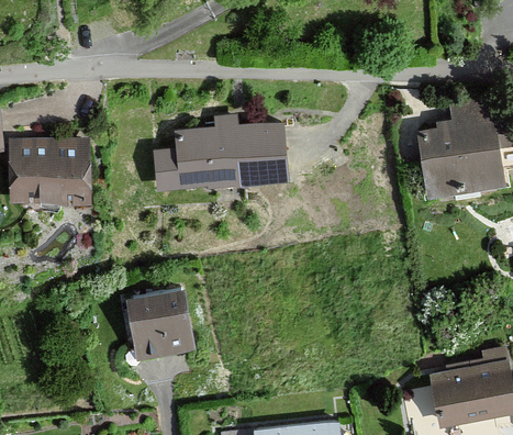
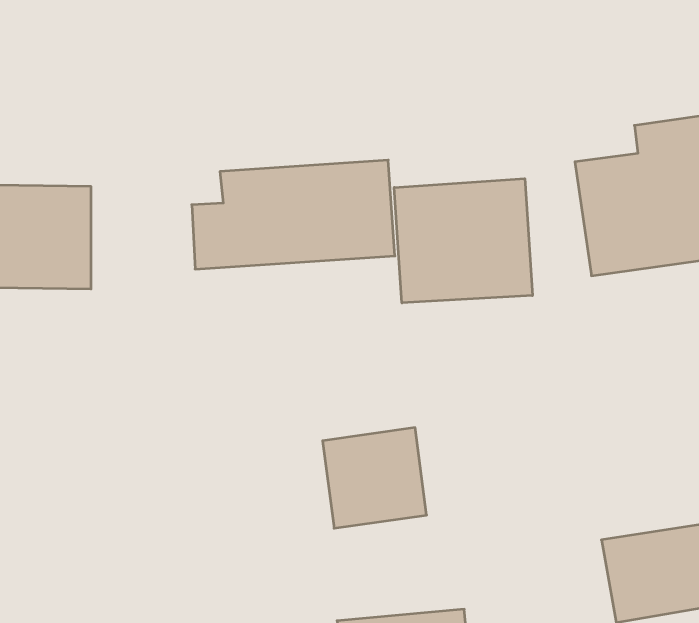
building: none -> [394,179,532,303]
building: [125,290,194,357] -> [323,428,427,528]

